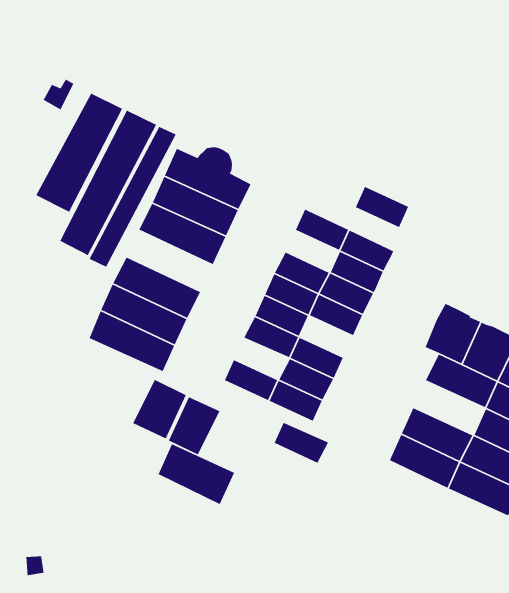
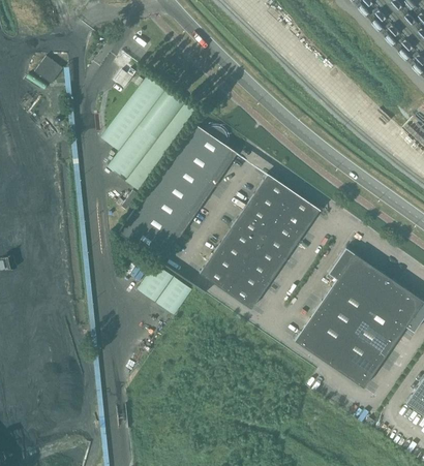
building: [355,186,409,228] -> [251,187,285,217]
building: none -> [151,170,205,216]
building: none -> [251,242,285,272]
building: none -> [315,294,361,334]
building: [273,422,329,464] -> [208,249,243,279]
building: [158,443,235,505] -> none

